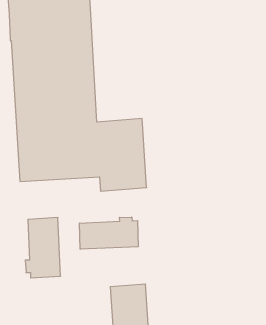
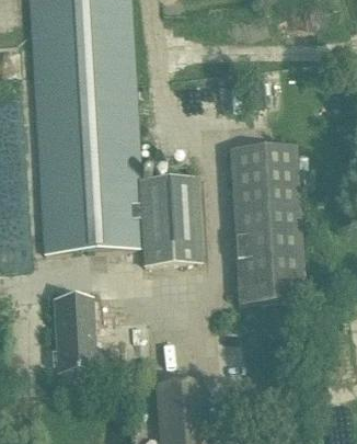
building: none -> [230,144,304,300]
building: [80,217,138,249] -> none

